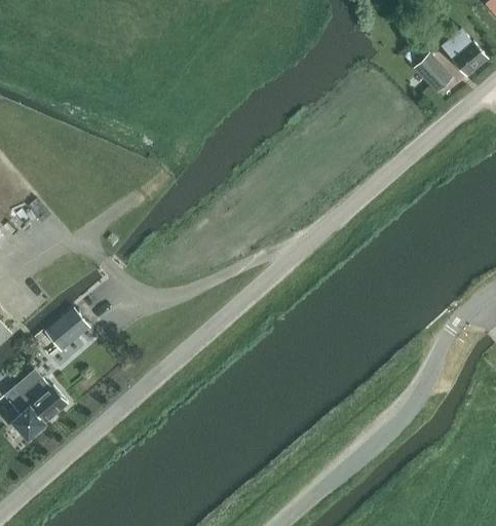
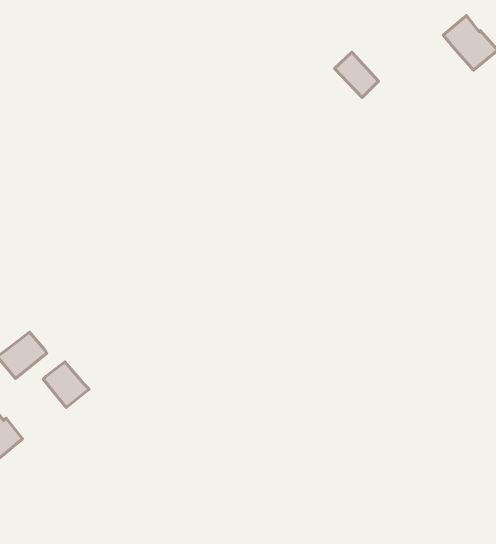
building: [414,53,453,93] -> [334,52,378,97]
building: none -> [43,362,89,408]

